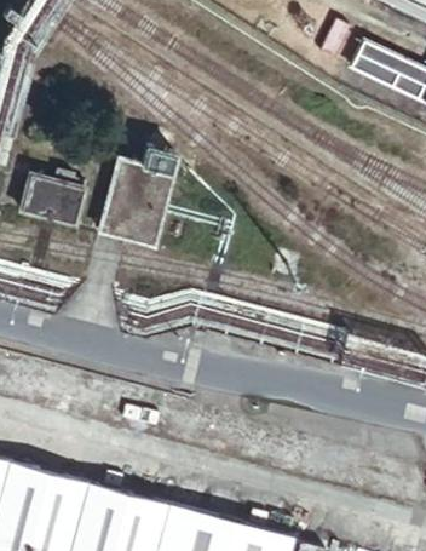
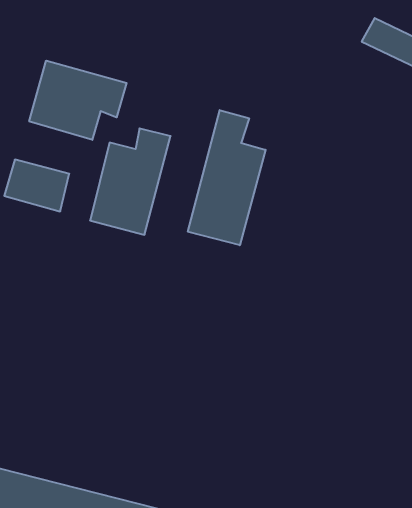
building: none -> [29,61,127,140]
building: none -> [188,110,266,245]

